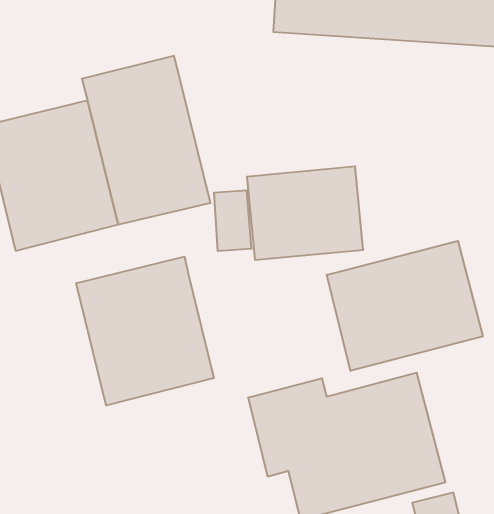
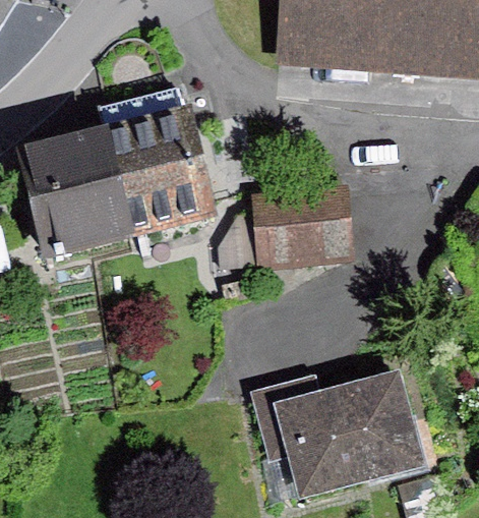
building: [327,241,483,371] -> none
building: [76,257,214,406] -> none

